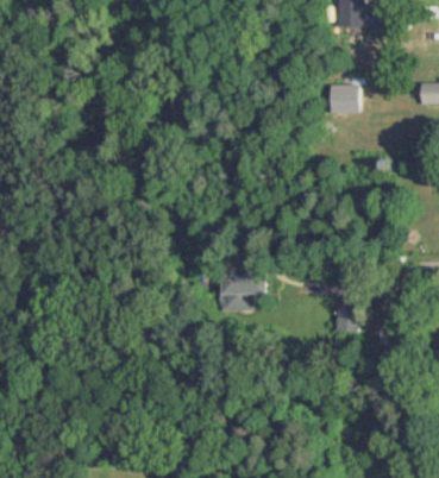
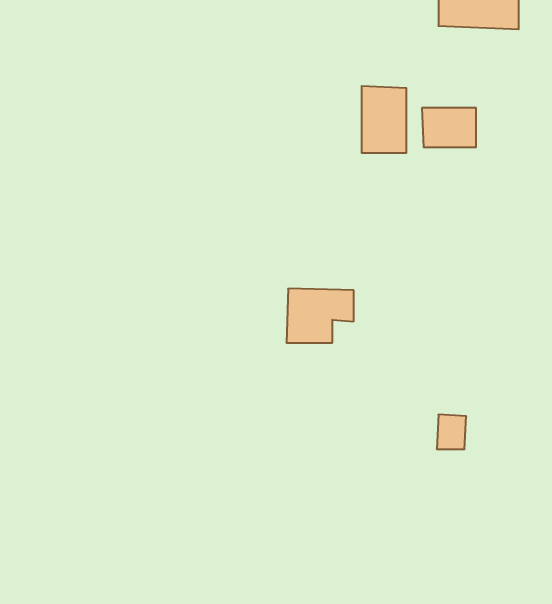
building: none -> [362,86,406,153]
building: [220,271,269,310] -> [286,289,354,343]

